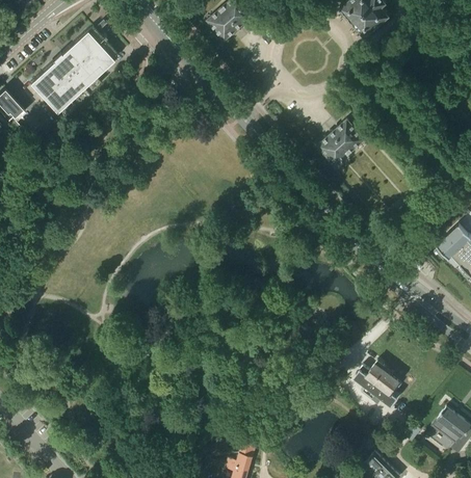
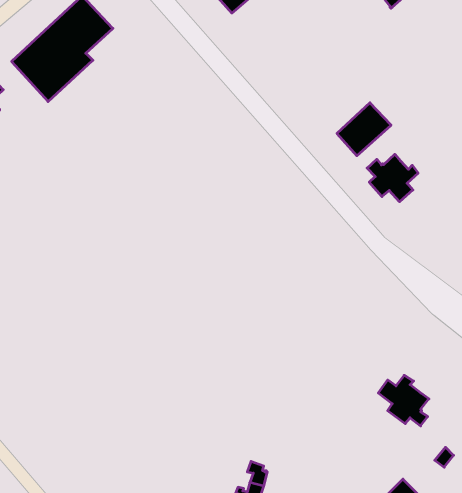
building: none -> [367,154,418,202]

